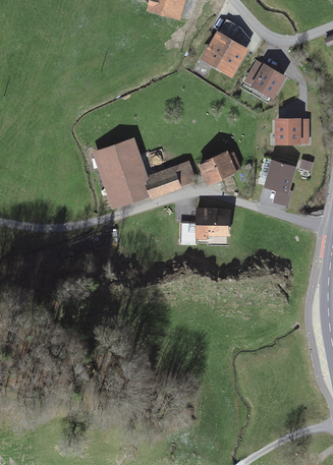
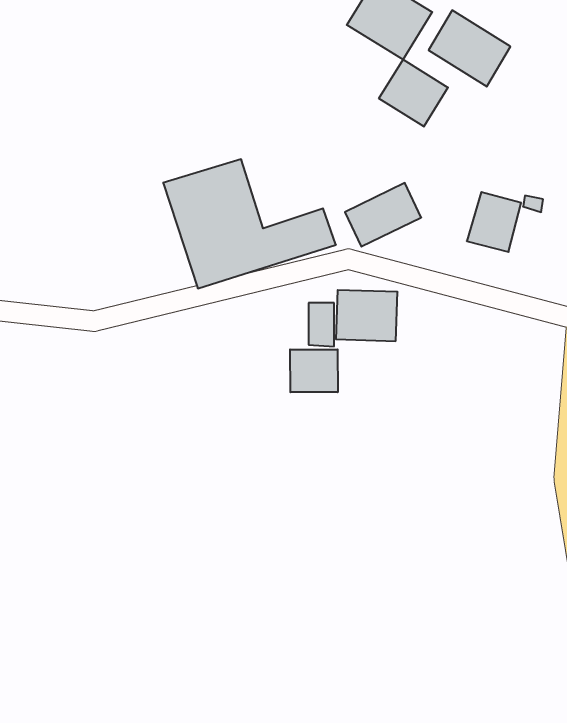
building: none -> [379,59,448,127]
building: [277,111,311,140] -> none
building: none -> [290,349,338,392]

